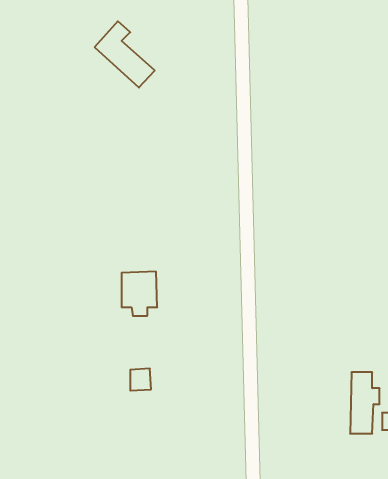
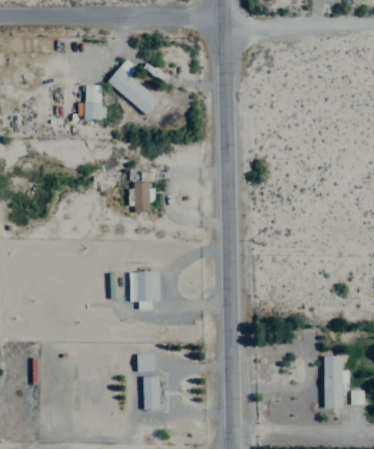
building: none -> [85,84,107,117]
building: none -> [135,181,154,211]
building: none -> [143,375,161,408]

